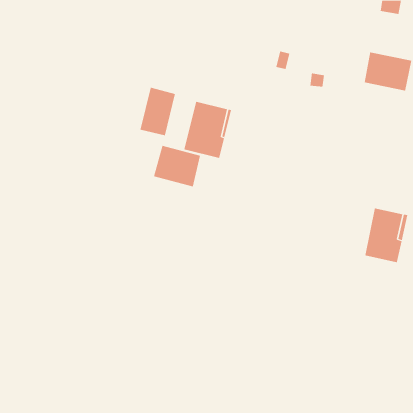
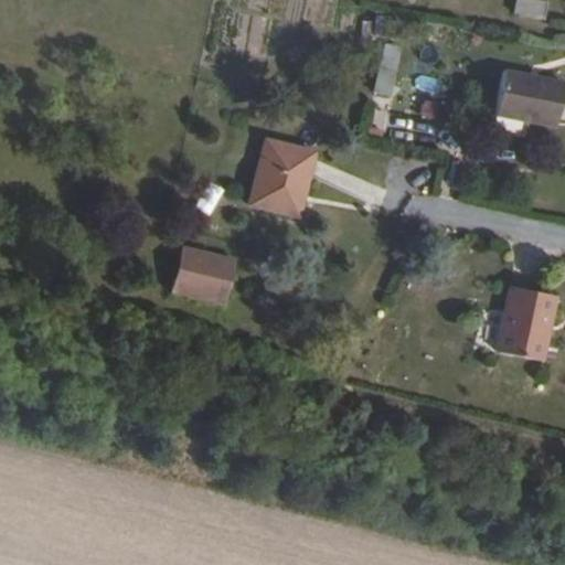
building: [140,87,175,136] -> none
building: [153,145,201,187] -> [171,245,236,302]

